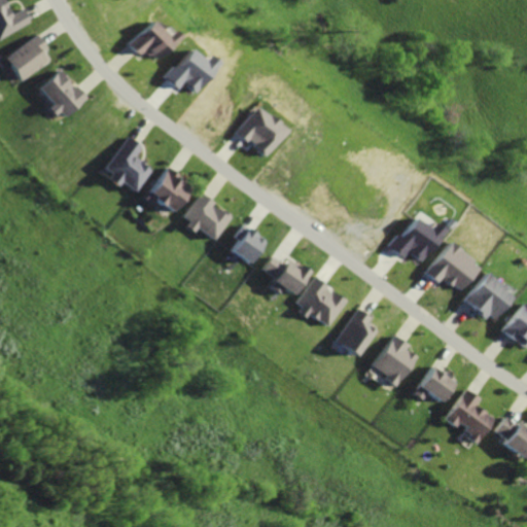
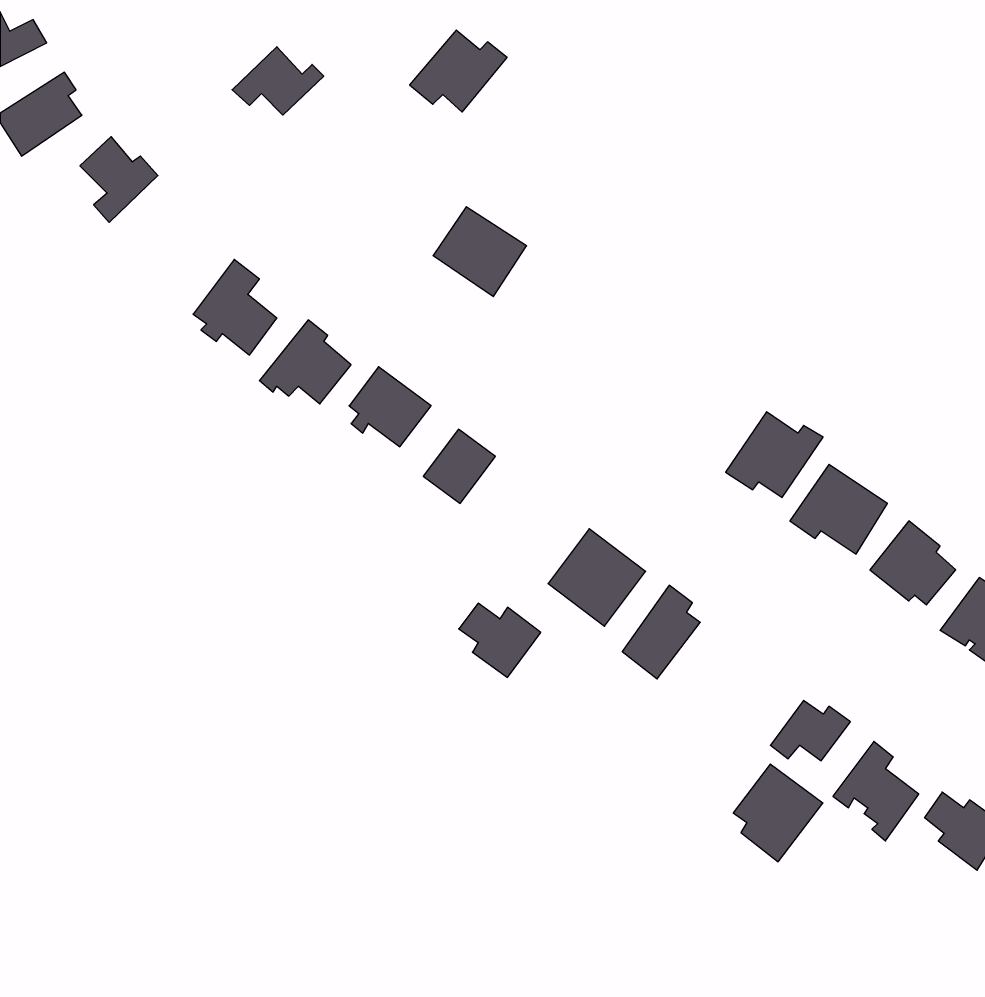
building: [163,50,214,94] -> [410,30,507,112]
building: [264,257,307,296] -> [459,603,541,677]
building: [373,333,420,385] -> [733,764,823,862]

